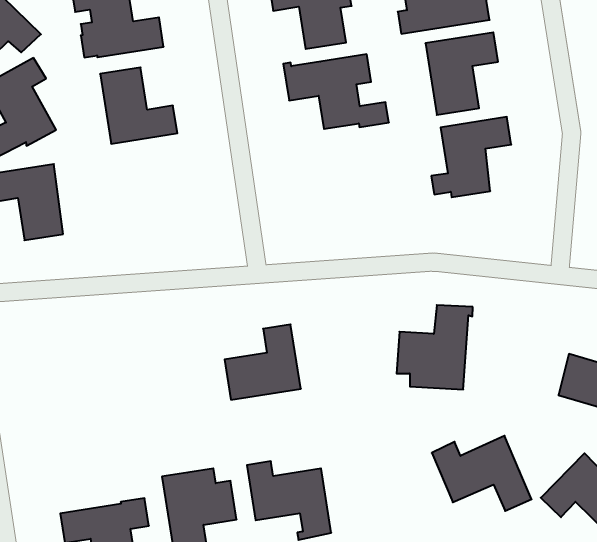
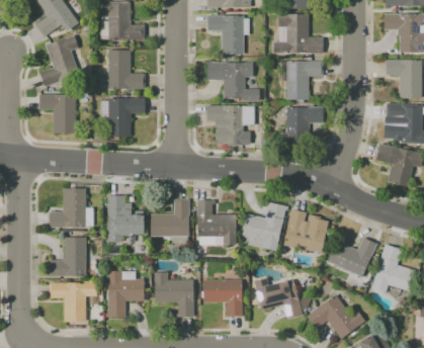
building: none -> [207,105,254,145]
building: none -> [101,98,145,137]
building: none -> [283,209,328,253]
building: none -> [197,200,236,245]
building: none -> [107,194,144,241]
building: none -> [49,188,93,228]
building: none -> [50,237,85,276]
building: none -> [203,280,243,317]

